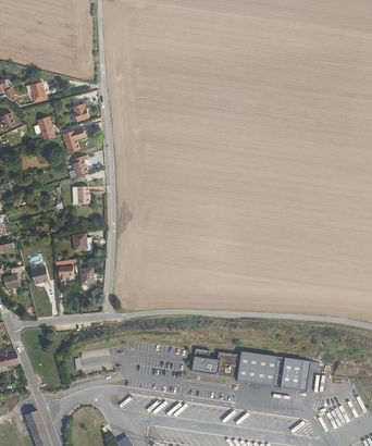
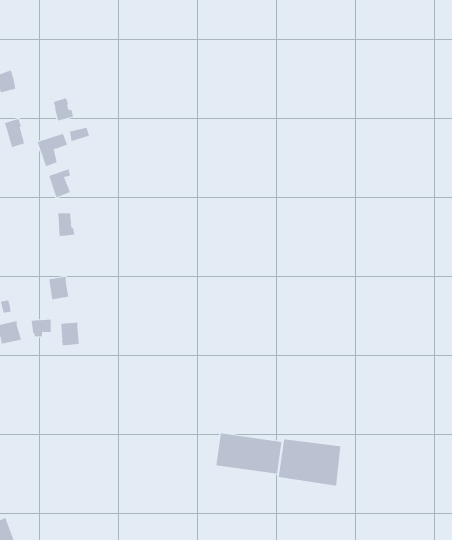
building: [282,358,312,391] -> none

